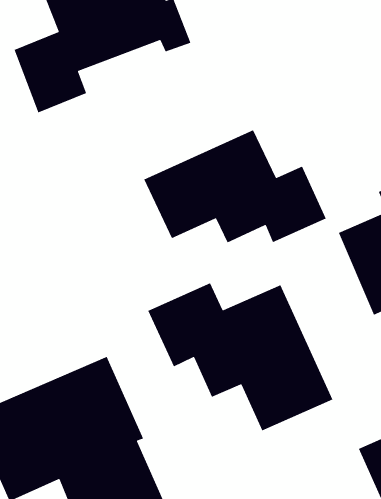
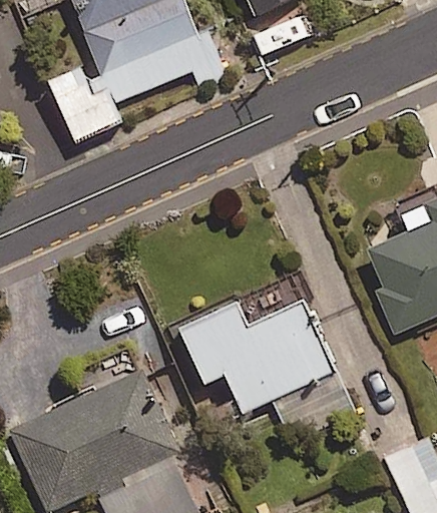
building: [143,129,327,243] -> none

